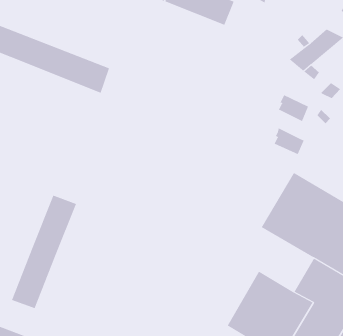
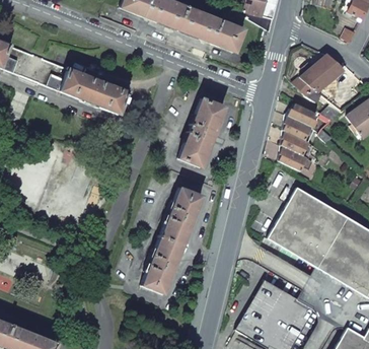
building: none -> [179,98,225,166]
building: none -> [289,103,318,127]
building: none -> [282,131,310,156]
building: [11,195,77,309] -> [142,188,203,293]

